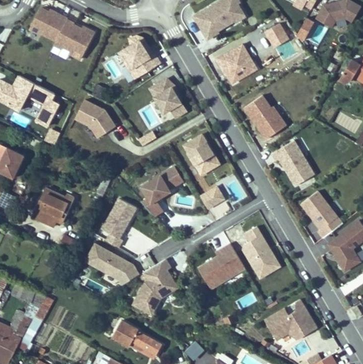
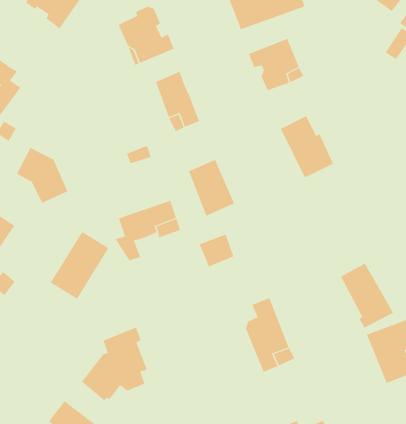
building: [264,23,290,49] -> none
building: [78,99,116,137] -> [16,147,68,203]
building: [272,140,314,186] -> none
building: [196,243,242,287] -> none
building: [83,245,138,285] -> none

